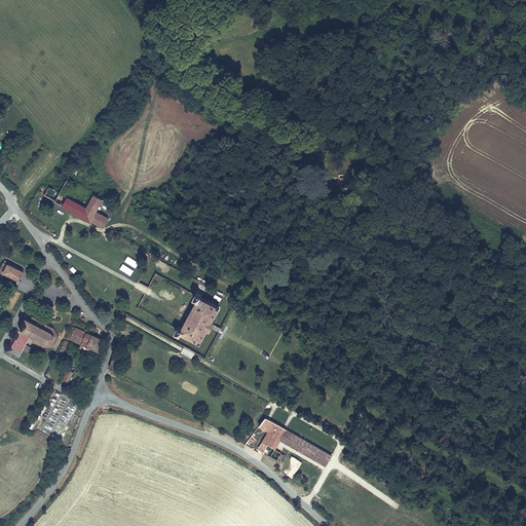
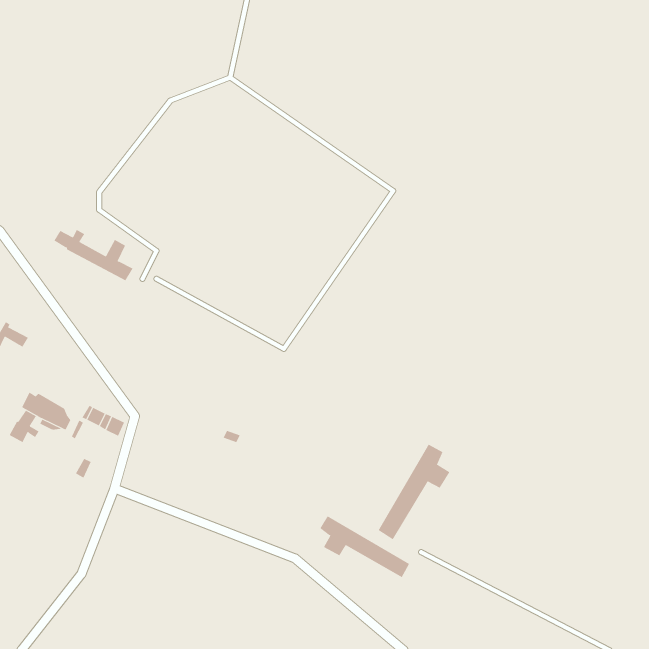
building: [172,293,219,344] -> none
building: none -> [378,444,450,540]

